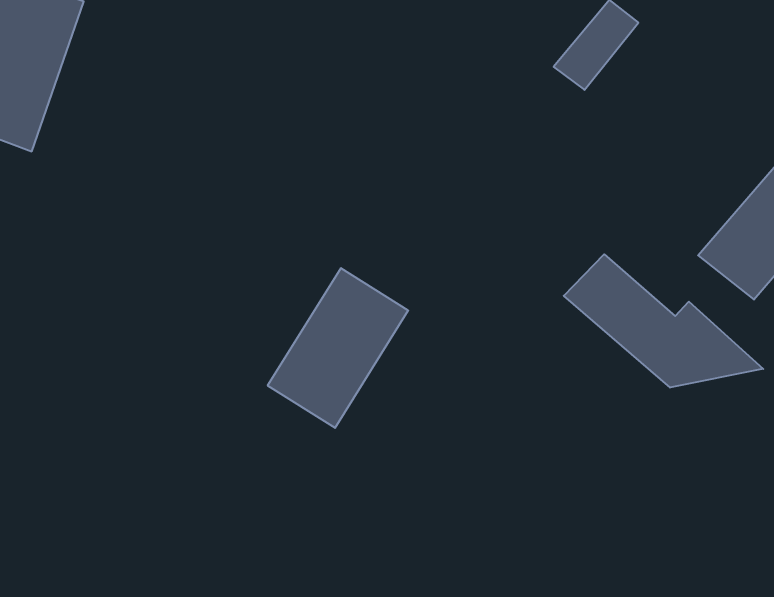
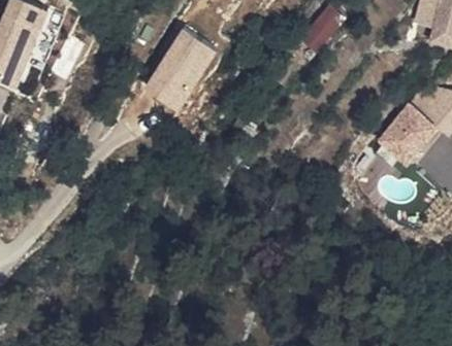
building: [564,254,763,388] -> none
building: [268,268,408,428] -> [143,25,219,110]

